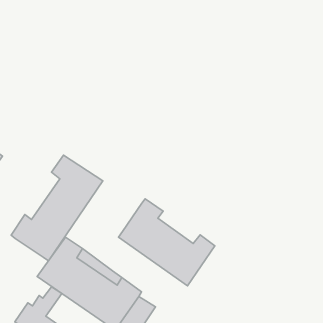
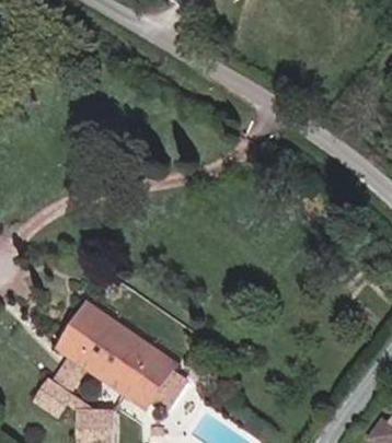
building: [11,155,103,261] -> none
building: [118,199,215,286] -> none

